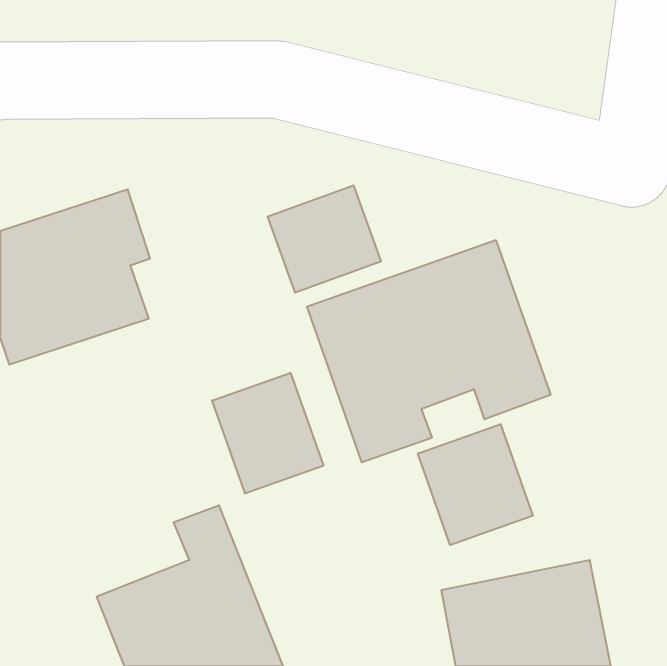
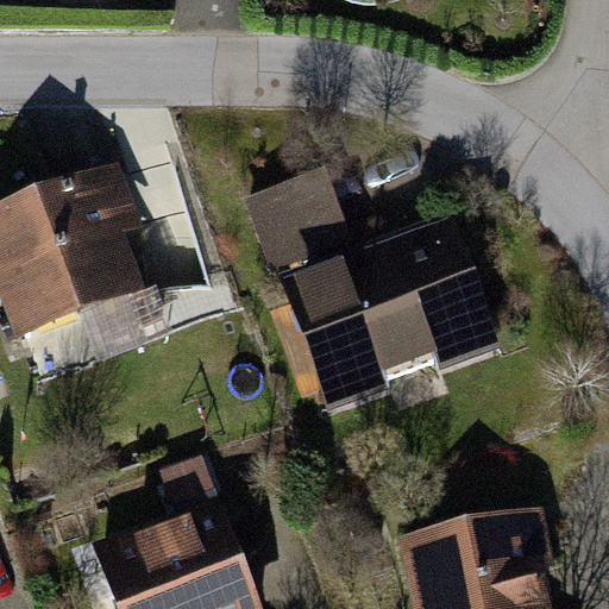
building: [212,373,323,493] -> none
building: [418,424,533,545] -> none

